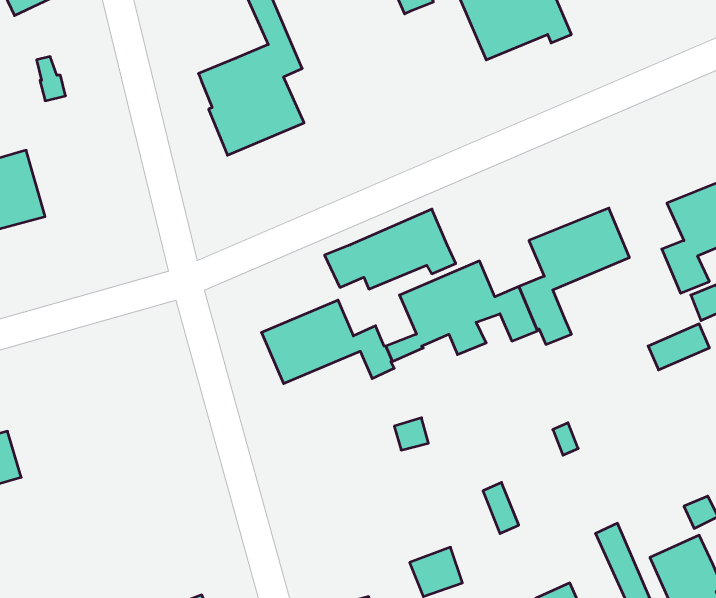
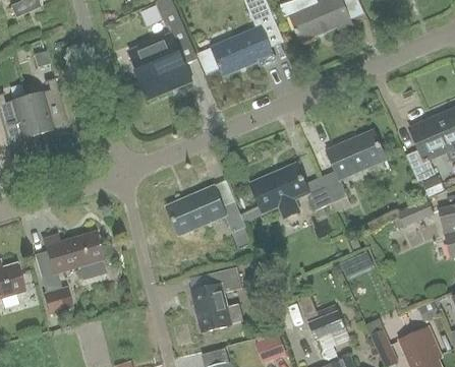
building: none -> [25,78,66,135]
building: [325,209,456,289] -> [196,25,275,73]
building: none -> [41,232,104,313]
building: none -> [191,268,243,332]
building: none -> [308,313,343,340]

